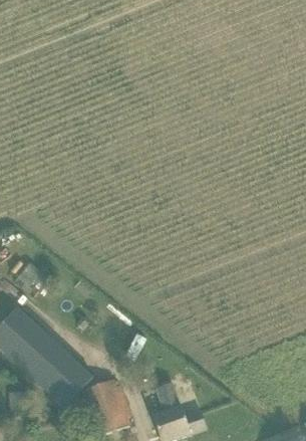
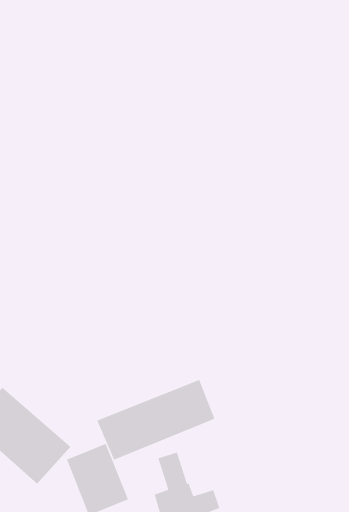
building: none -> [97,379,215,460]

